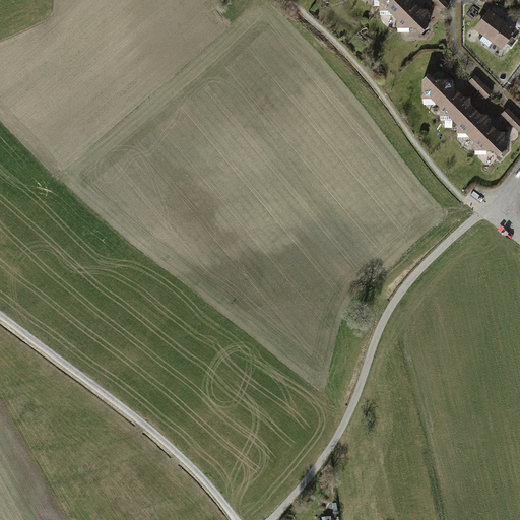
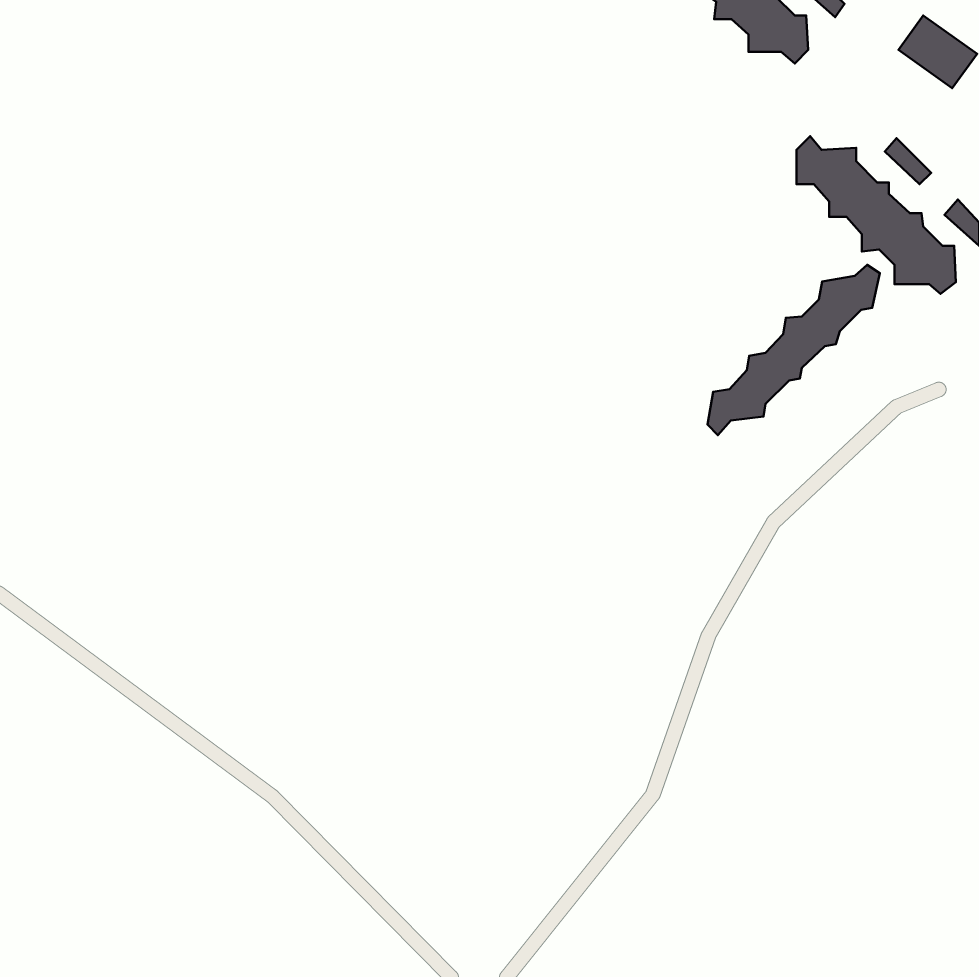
building: none -> [707,265,880,435]

